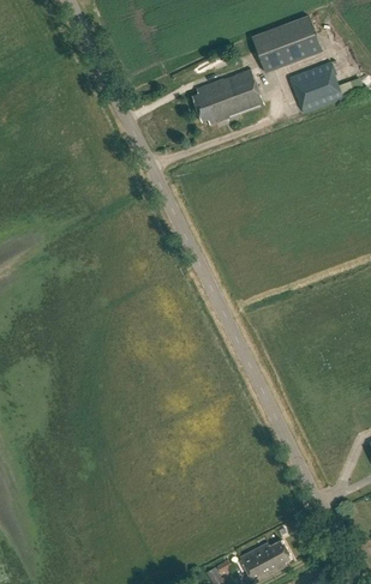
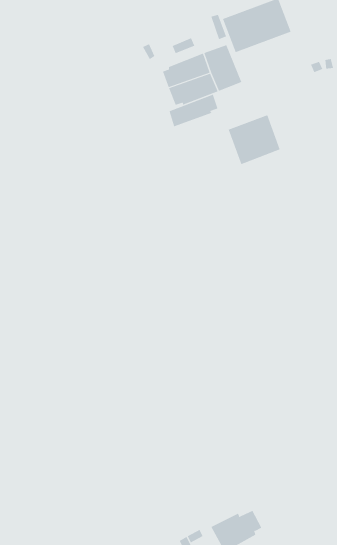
building: [288,62,342,114] -> [228,114,281,165]
building: none -> [169,94,218,127]

